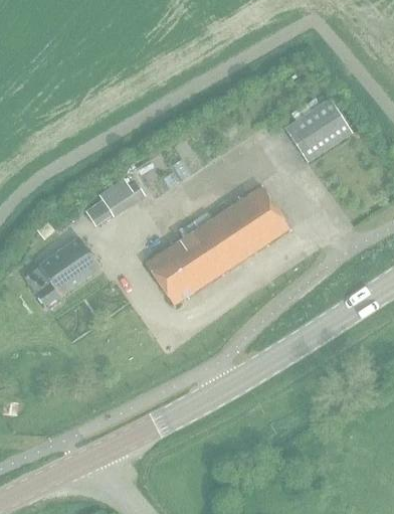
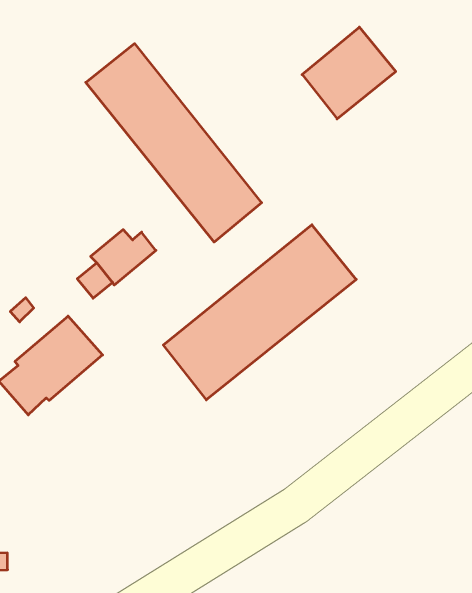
building: none -> [86,44,262,242]
building: [283,98,351,162] -> [302,27,396,119]

